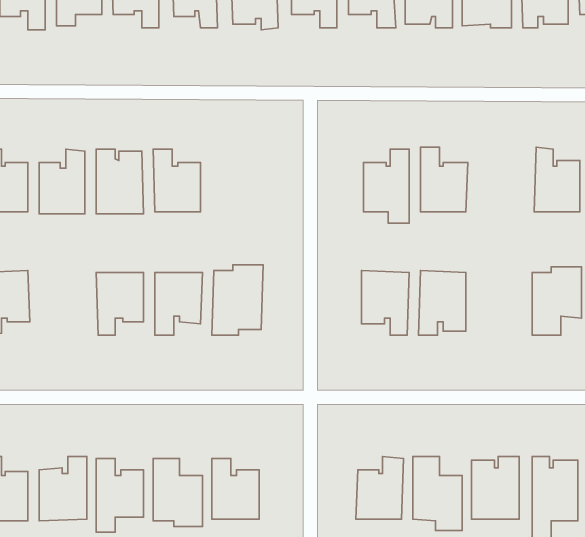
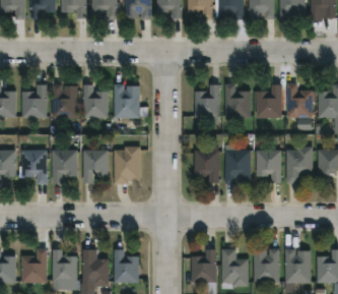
building: none -> [115,83,140,117]
building: none -> [257,84,281,118]
building: none -> [257,149,282,183]
building: none -> [22,150,48,184]

